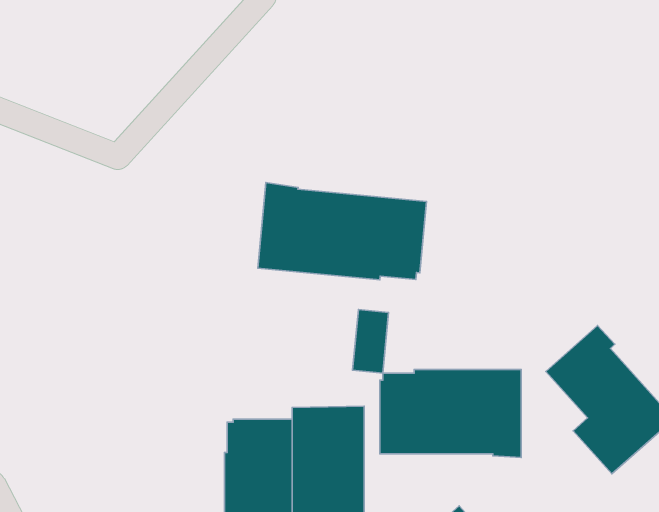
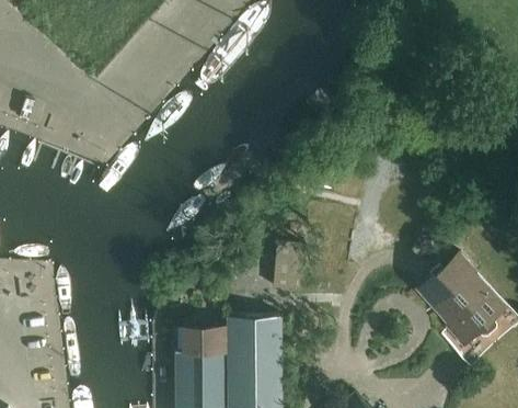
building: [258,183,427,280] -> none
building: [380,369,521,457] -> none

